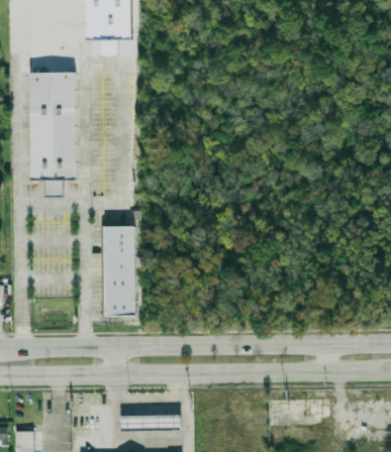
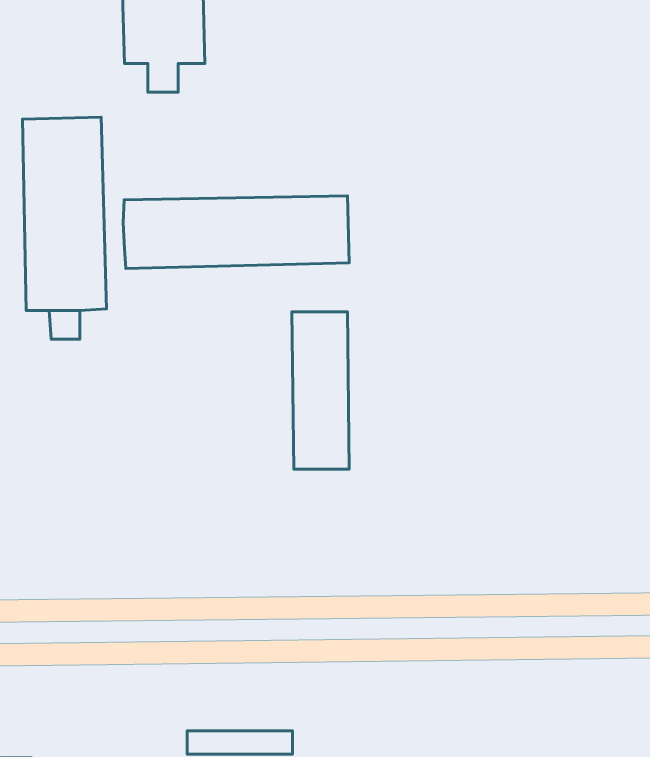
building: none -> [123,196,349,268]
building: [103,226,135,315] -> [292,312,349,469]

